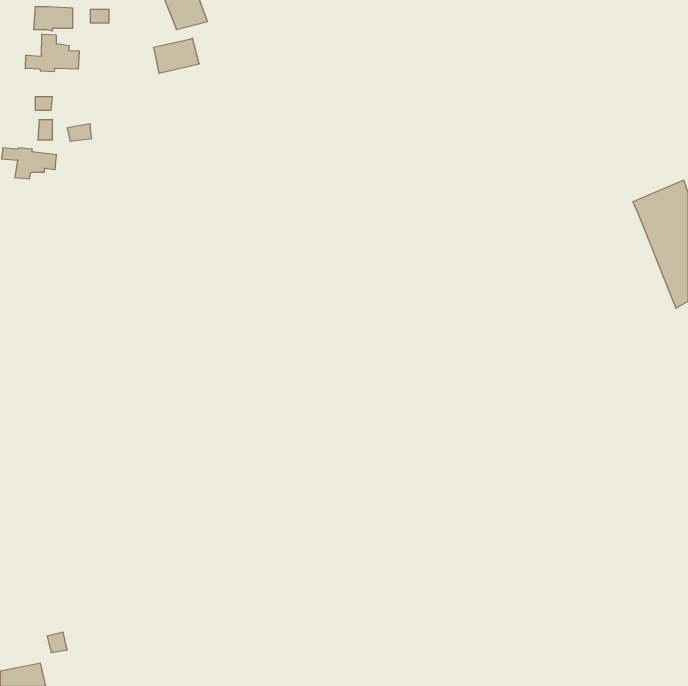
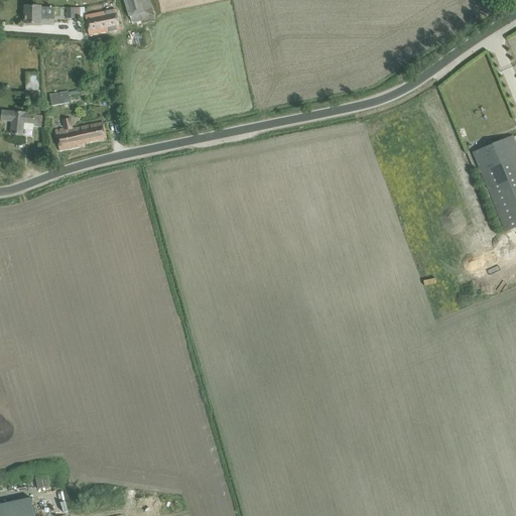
building: [25,34,79,72] -> none
building: [153,38,199,73] -> [85,8,119,34]
building: none -> [55,118,107,150]

